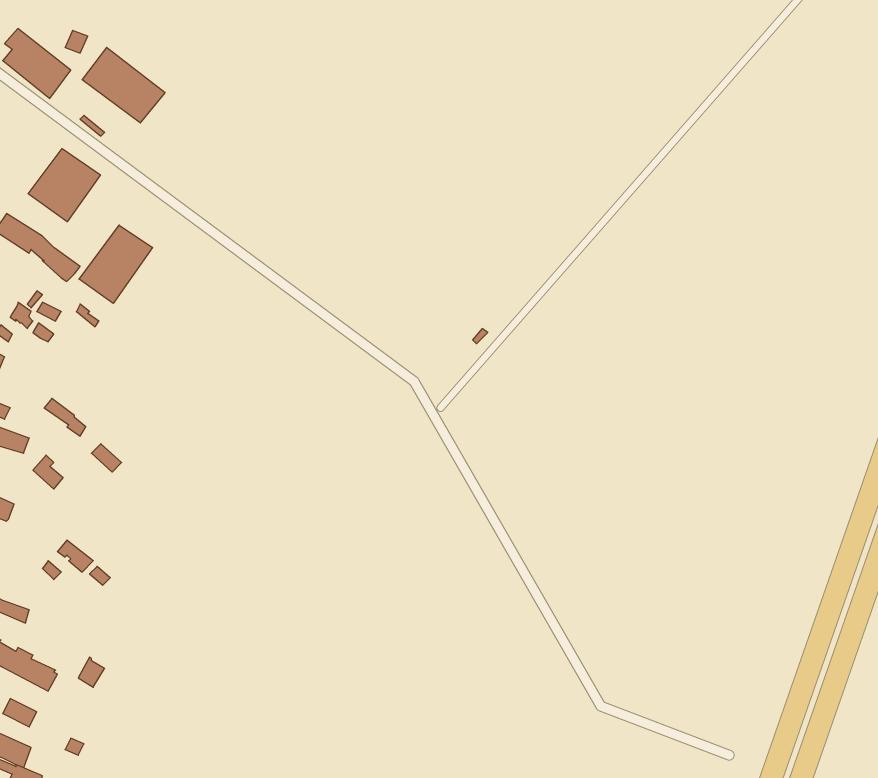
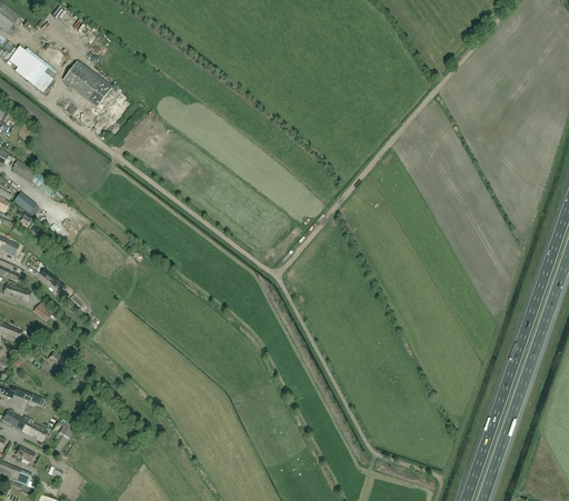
building: [28,149,100,222] -> none
building: [79,225,153,303] -> none

